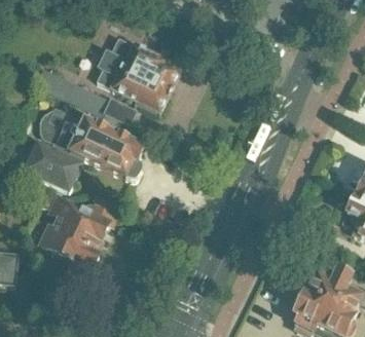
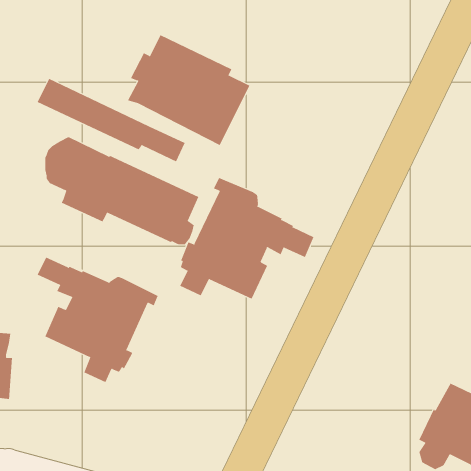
building: none -> [180,177,314,299]
building: [23,141,81,190] -> none

